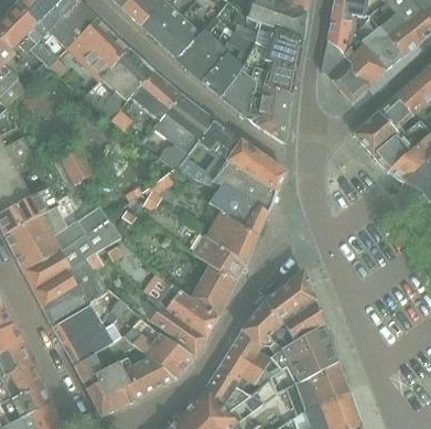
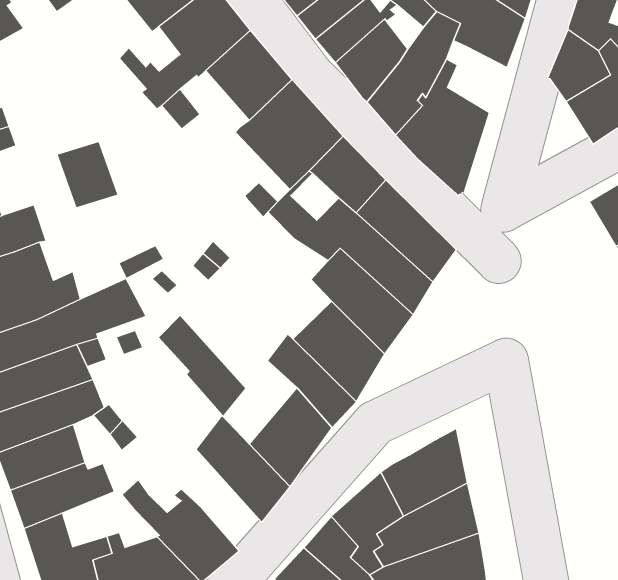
building: [262,56,297,93] -> none
building: [151,304,204,356] -> [158,315,246,417]

